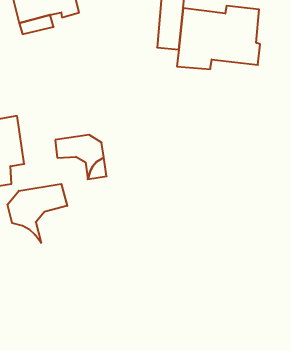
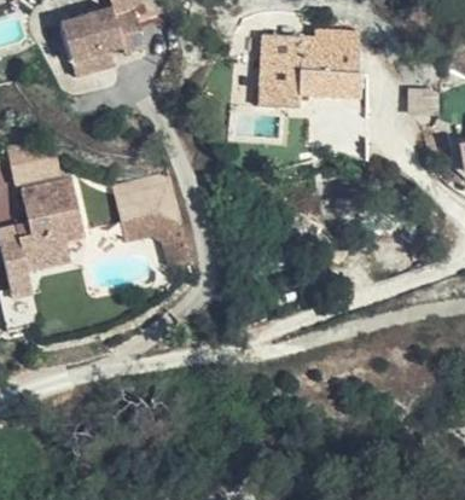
building: [8,184,67,243] -> none

